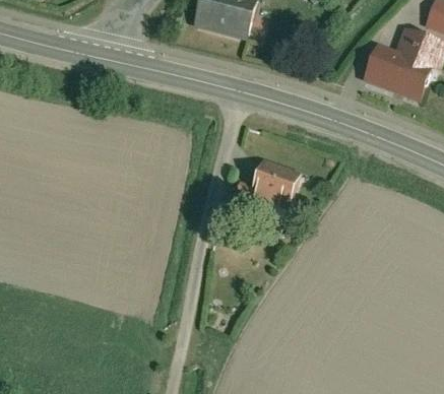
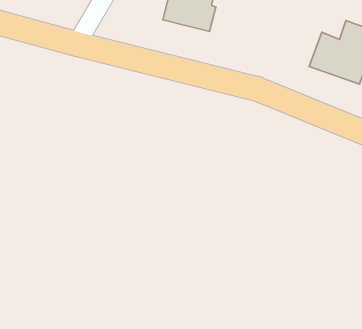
building: [249,159,301,211] -> none

